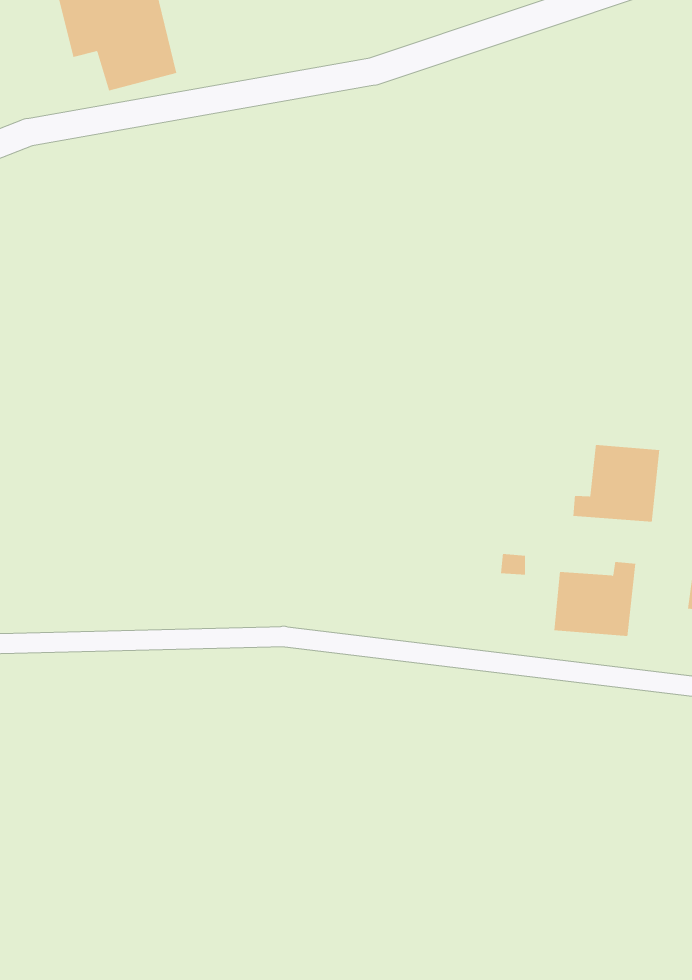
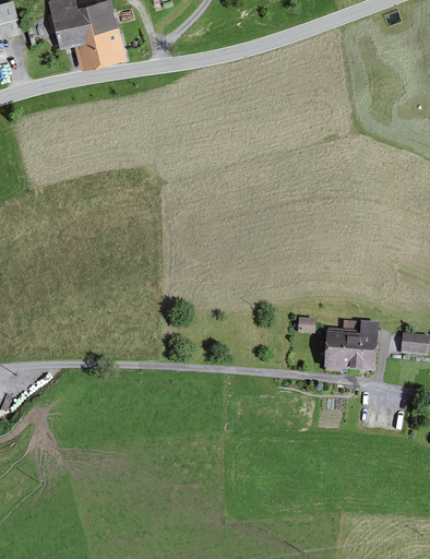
building: [573,444,660,522] -> none

